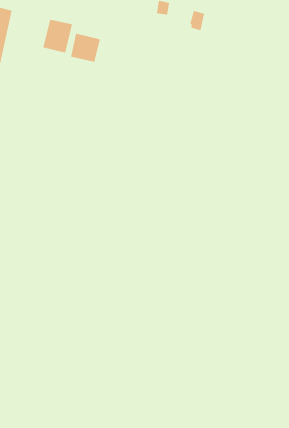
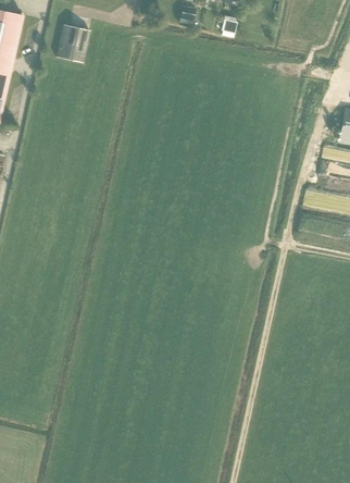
building: [70,33,101,62] -> none

